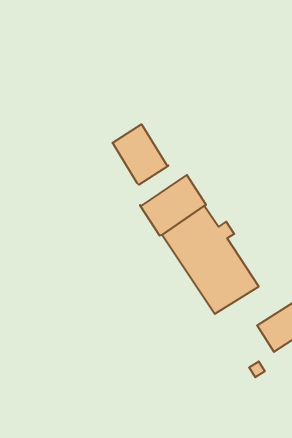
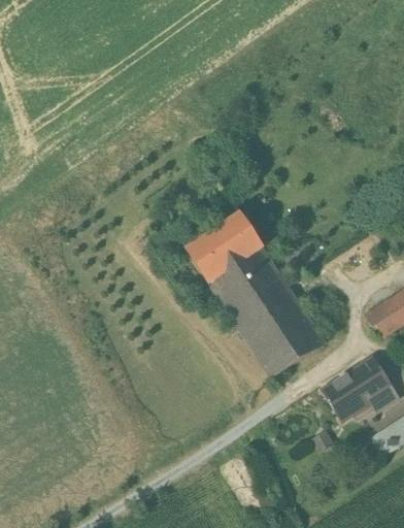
building: [112,124,168,185] -> none

